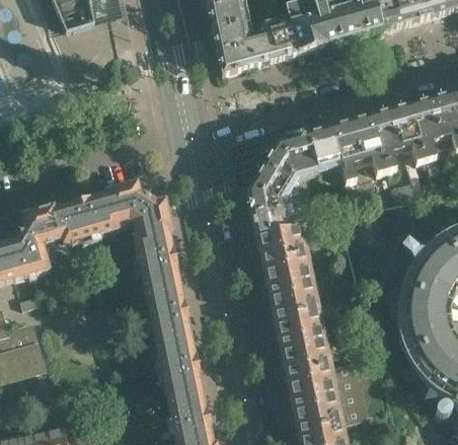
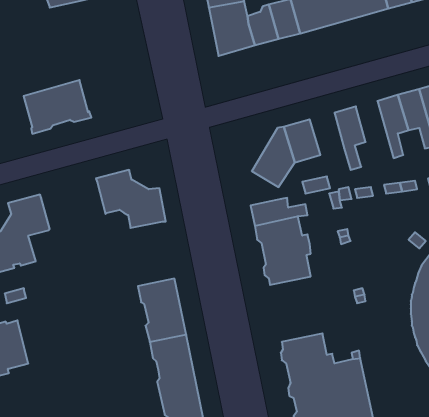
building: [351,117,386,173] -> none
building: [307,128,339,167] -> none
building: [246,182,281,215] -> none
building: [54,193,118,243] -> [24,80,91,134]
building: [134,230,179,291] -> none
building: [269,282,319,344] -> none

